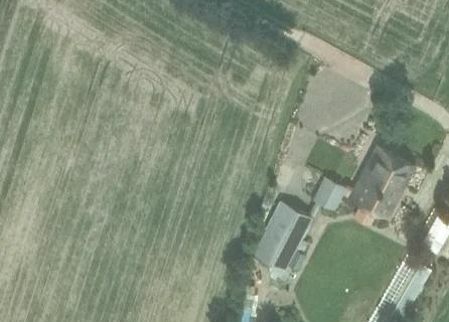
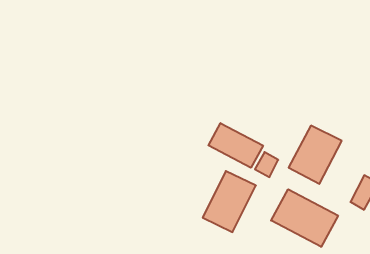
building: none -> [208,123,263,168]
building: none -> [271,189,338,247]

